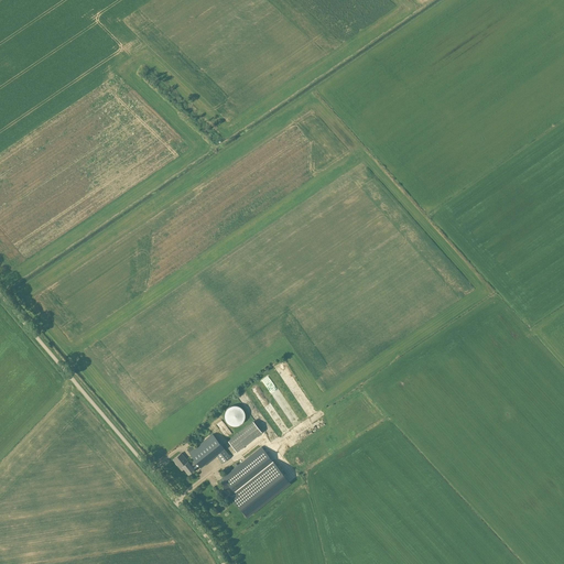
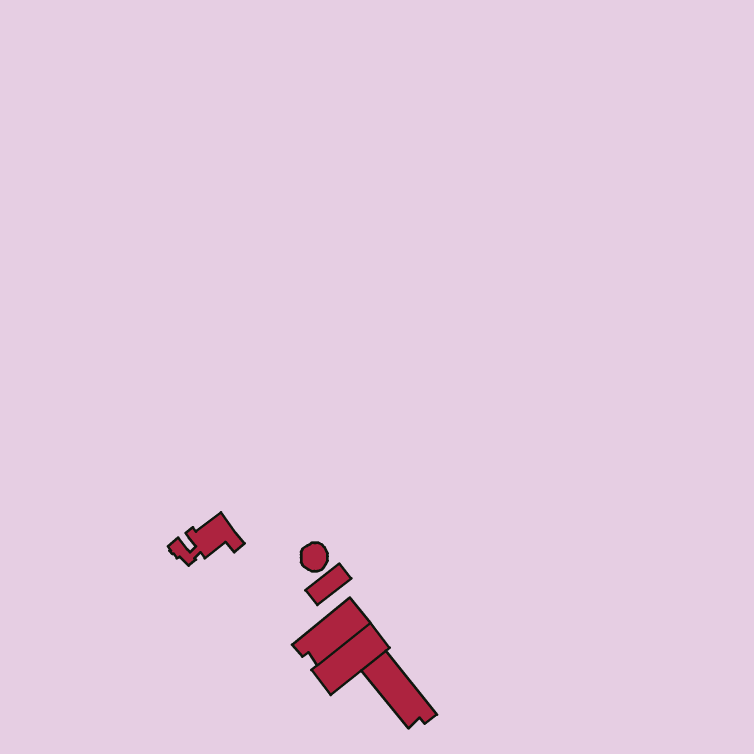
building: [173,434,230,474] -> [168,512,245,566]
building: none -> [361,651,437,728]

